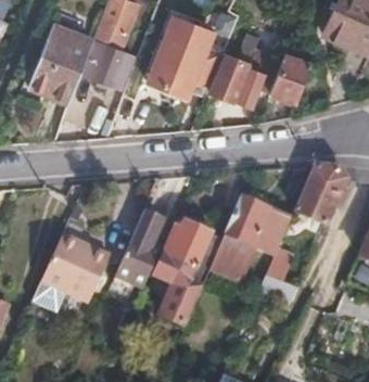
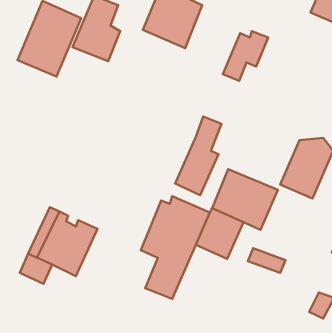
building: [209,47,255,100] -> none
building: [269,52,311,103] -> none
building: [147,55,198,97] -> none
building: [116,211,163,290] -> [175,116,222,195]

